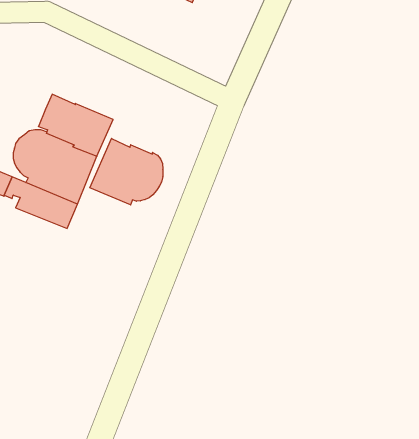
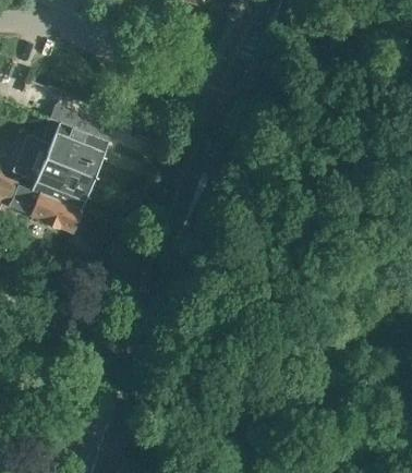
building: [90,138,163,205] -> none

